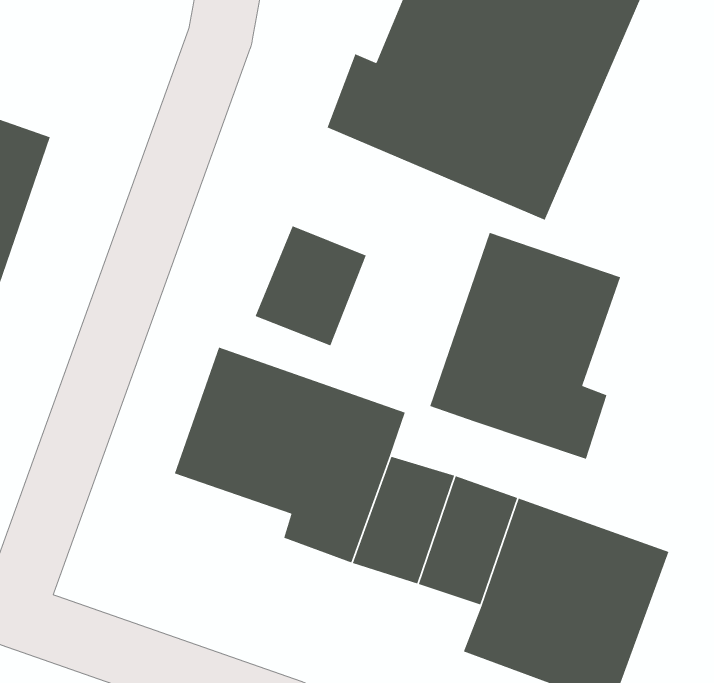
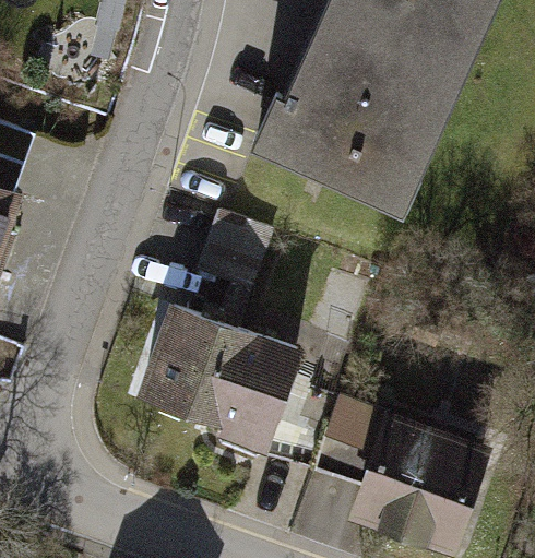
building: [429,232,621,460] -> none

